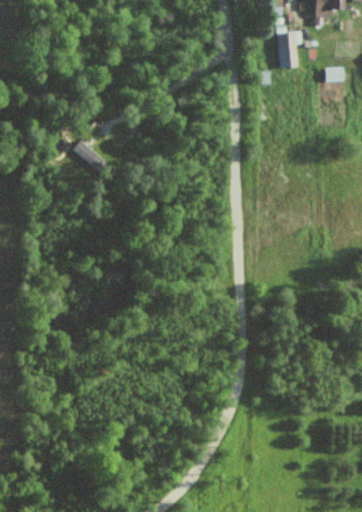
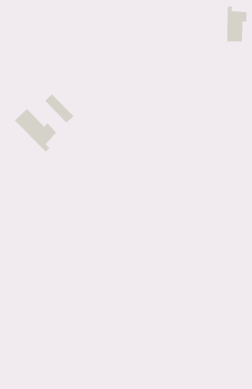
building: none -> [14,108,57,153]

